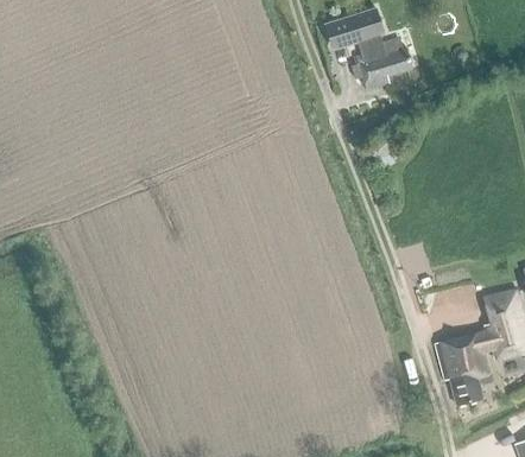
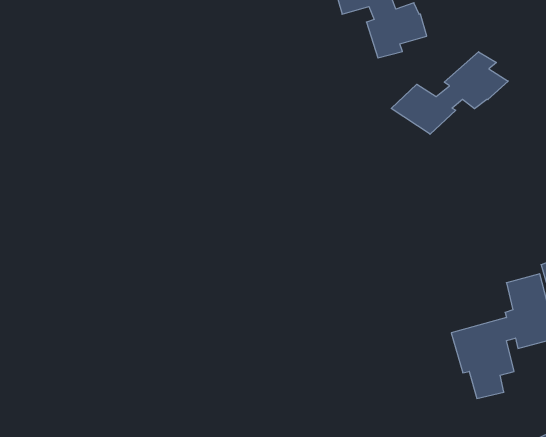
building: none -> [391,52,508,134]

